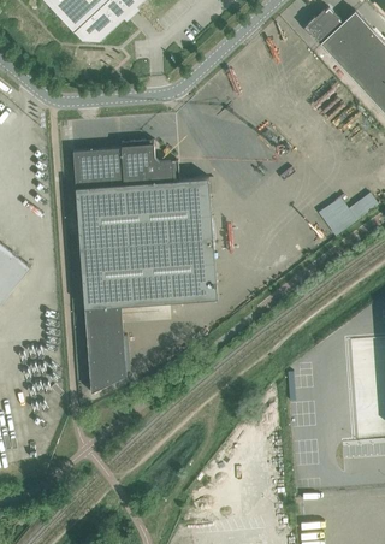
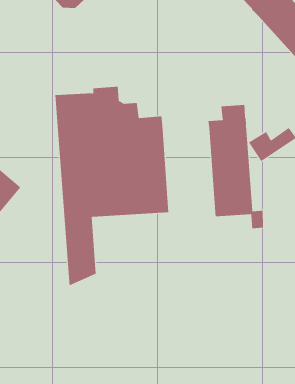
building: none -> [208,104,263,229]

